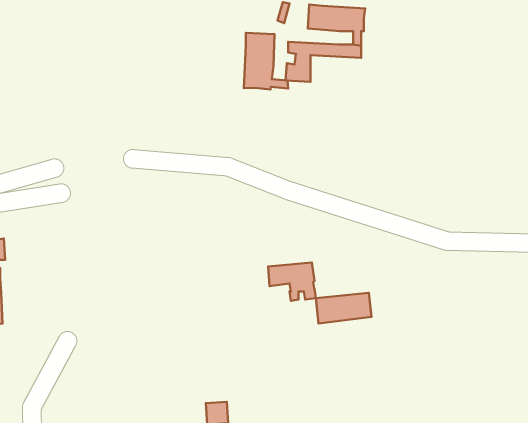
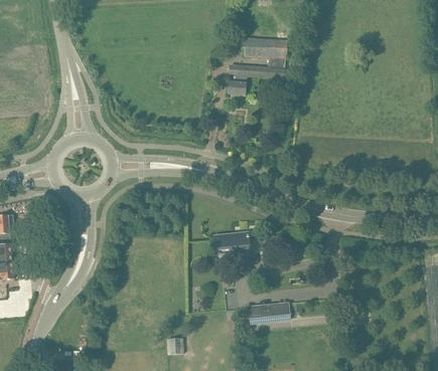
building: [244,33,288,90] -> none
building: [316,293,372,323] -> [248,302,290,325]

